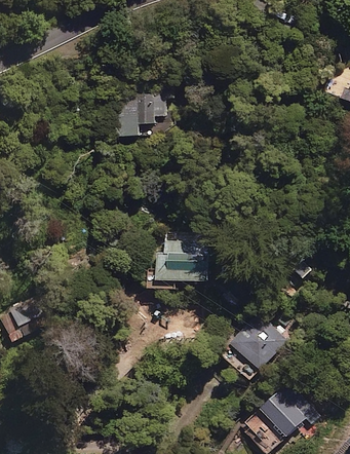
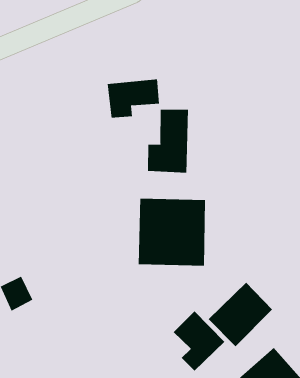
building: none -> [147,109,189,173]
building: none -> [173,310,225,371]

